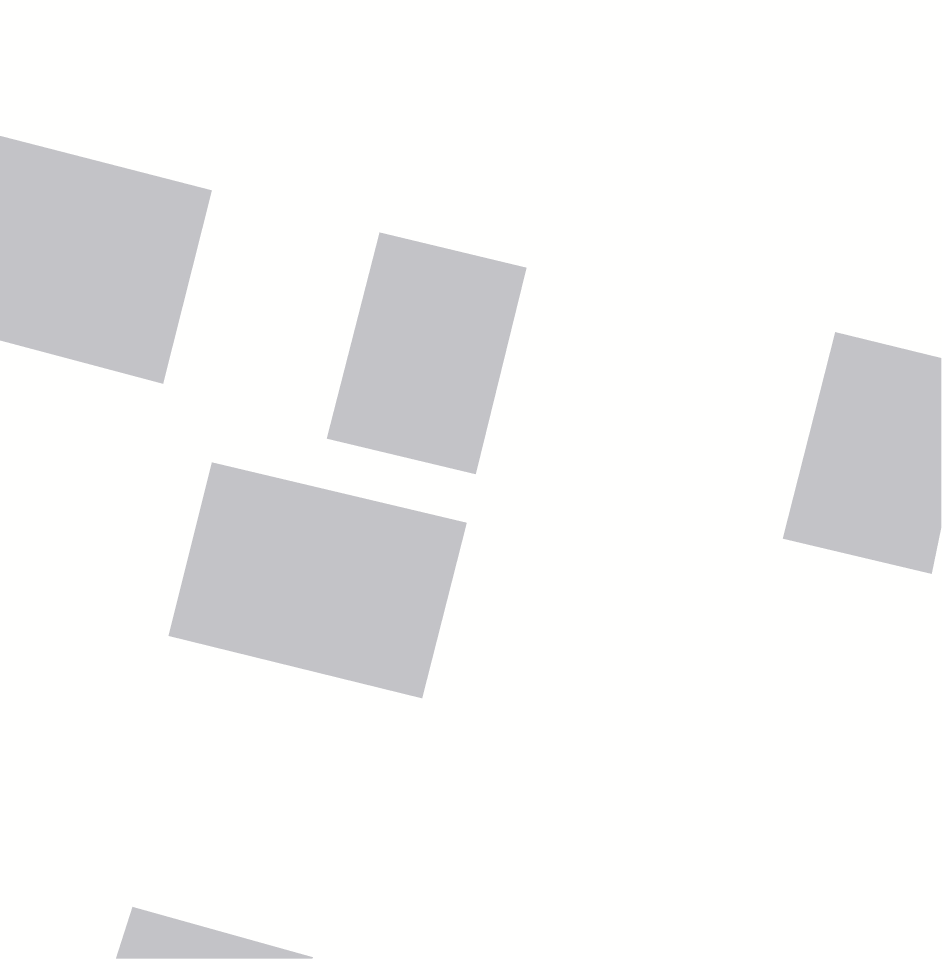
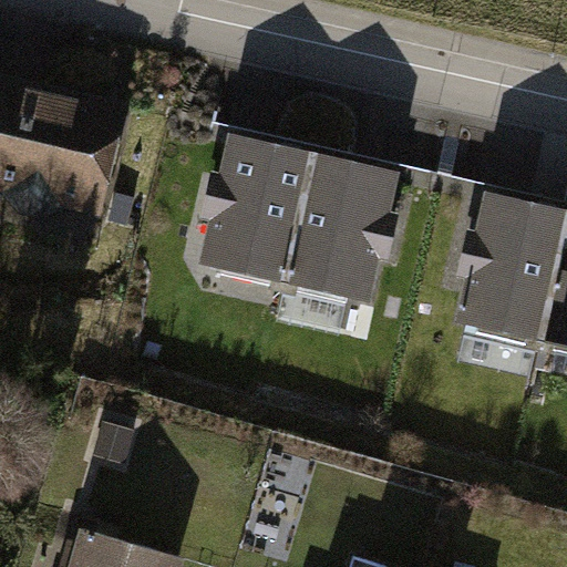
building: none -> [280,157,406,303]
building: [168,461,467,699] -> none

